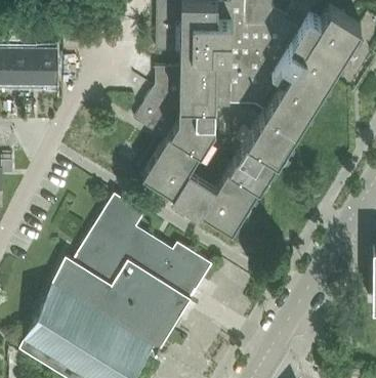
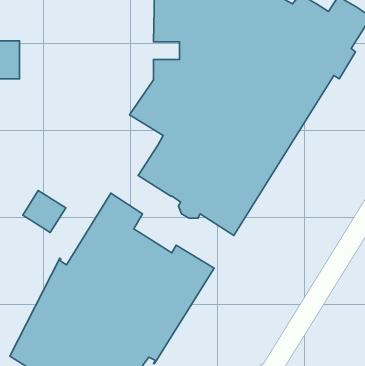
building: [30,52,57,88] -> none
building: none -> [23,191,66,232]

